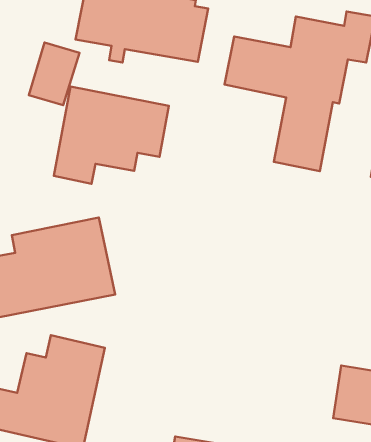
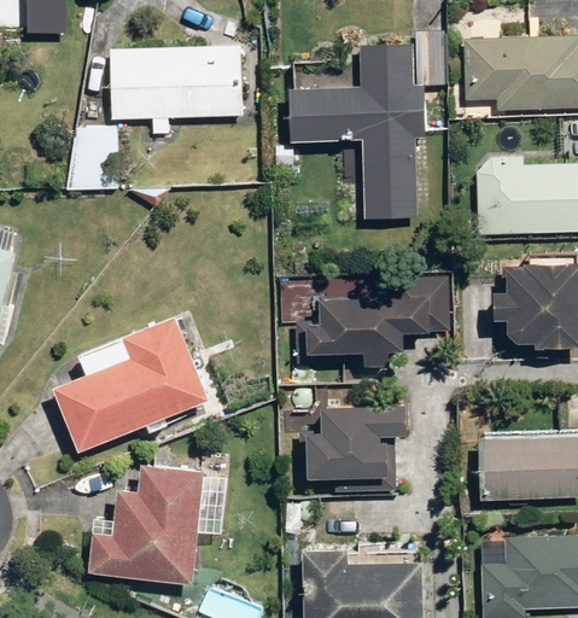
building: [54,86,169,184] -> none
building: none -> [296,276,453,369]
building: none -> [308,406,405,478]

